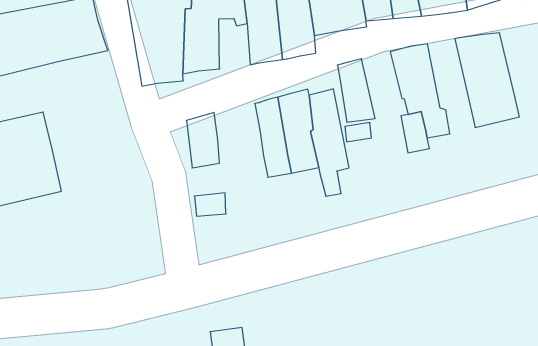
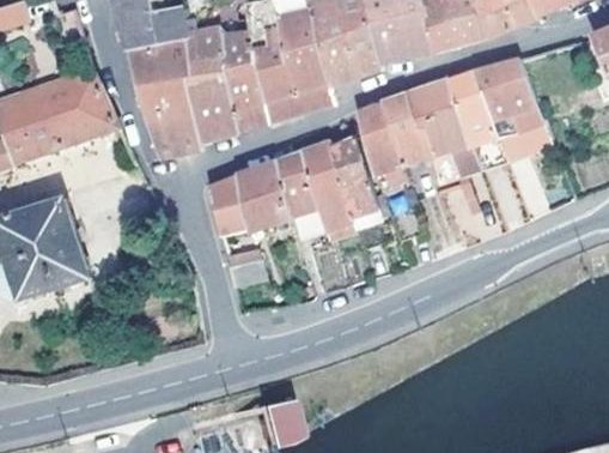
building: none -> [229,77,267,131]
building: none -> [446,70,506,168]
building: none -> [380,91,436,162]
building: none -> [236,162,292,228]

